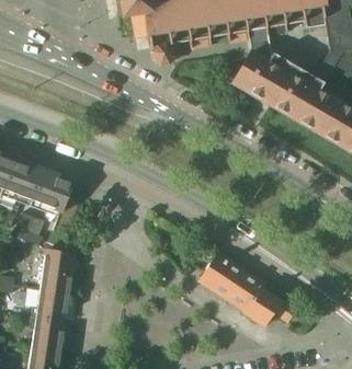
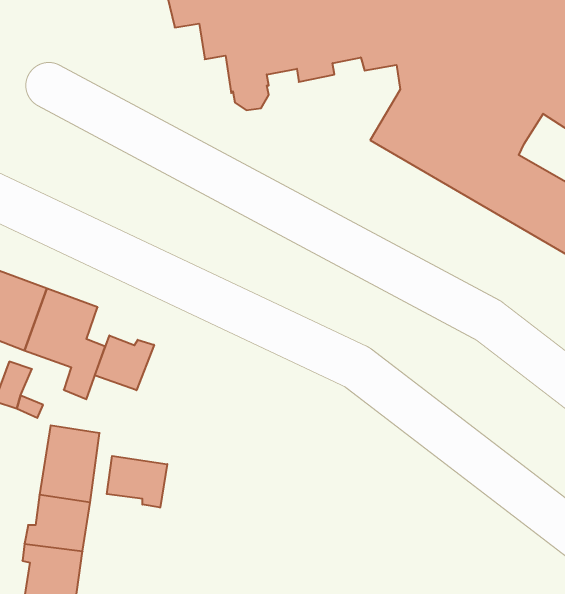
building: none -> [95,335,154,390]
building: [200,253,296,325] -> none
building: none -> [107,456,167,508]

